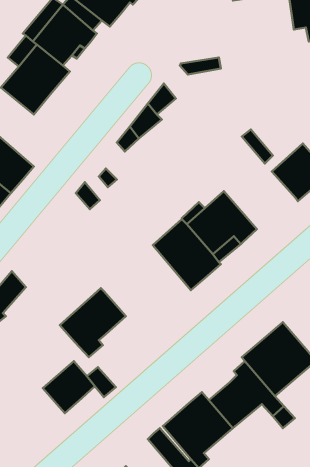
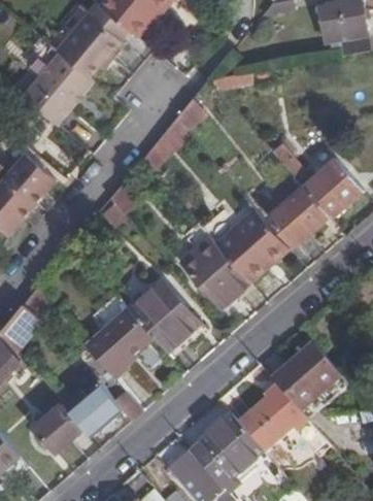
building: none -> [270,188,327,244]
building: none -> [129,281,198,352]
building: none -> [30,403,80,453]

